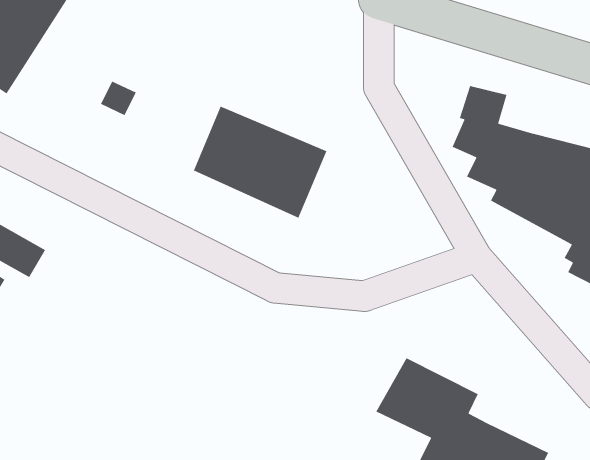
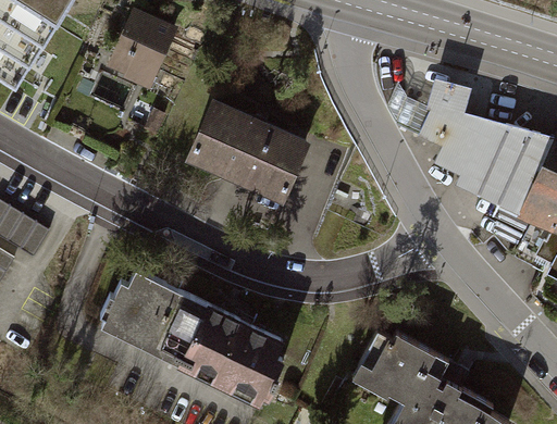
building: none -> [106,9,178,88]
building: none -> [97,269,288,406]

